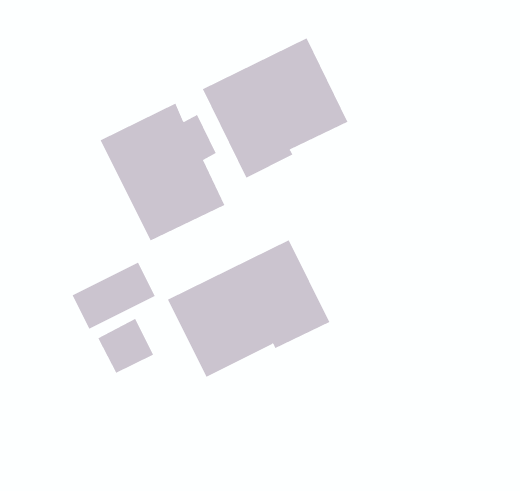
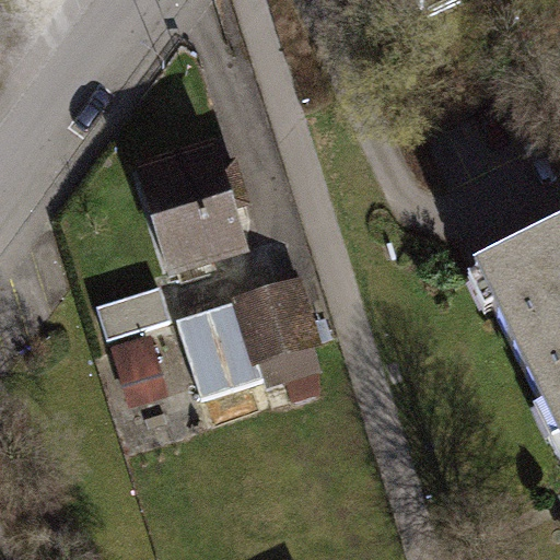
building: [202,37,348,178] -> none

